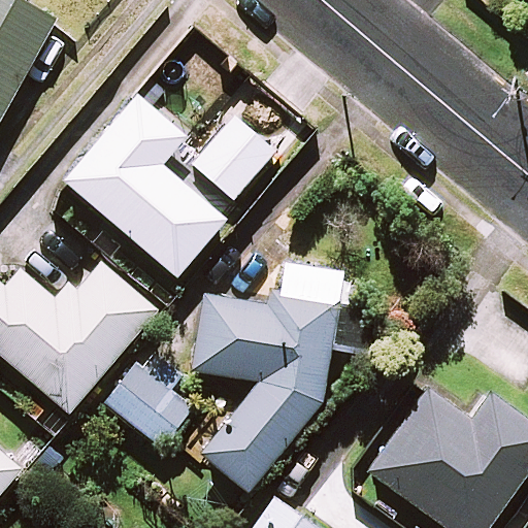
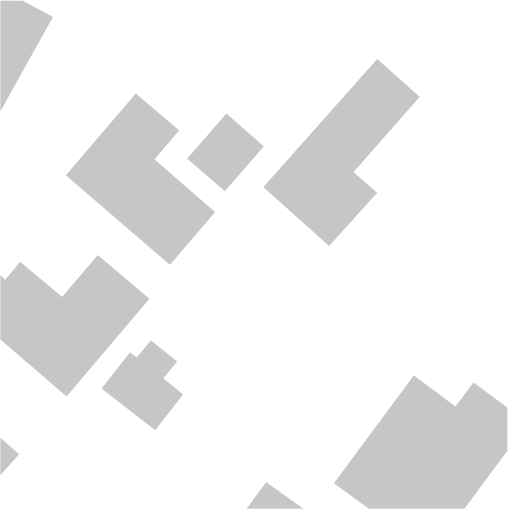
building: none -> [262,58,421,247]
building: [192,261,366,488] -> none

